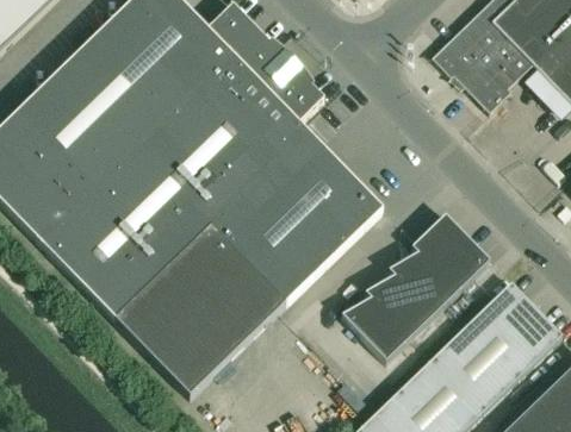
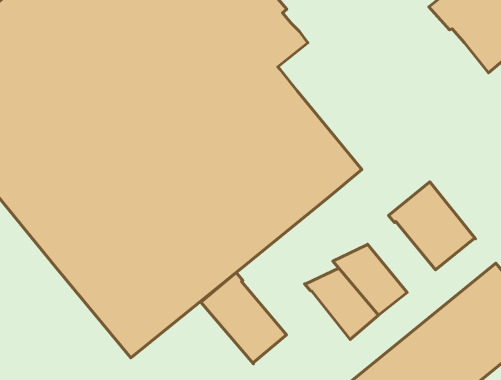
building: [389,250,458,313] -> none
building: none -> [201,272,286,364]

